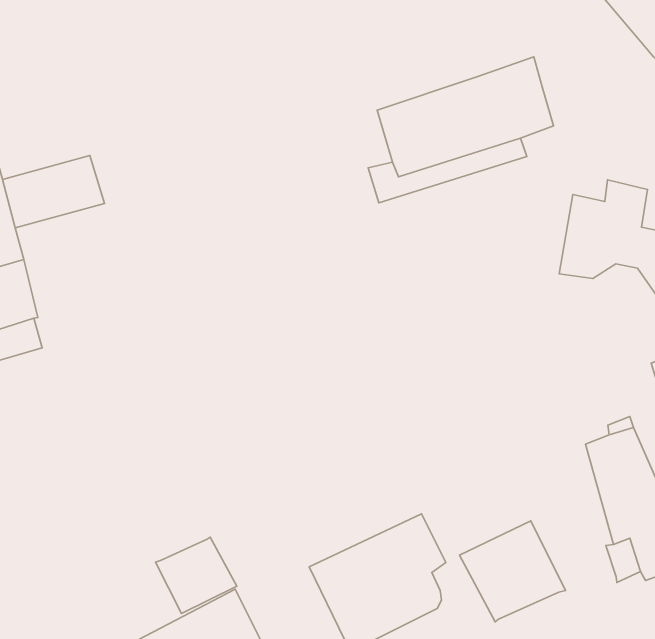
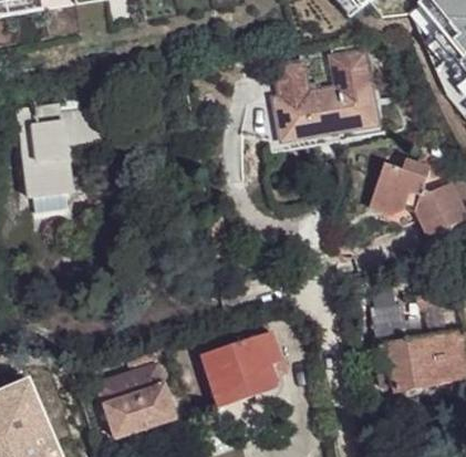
building: none -> [335,51,375,86]
building: [460,521,566,622] -> none
building: [155,537,237,613] -> none

